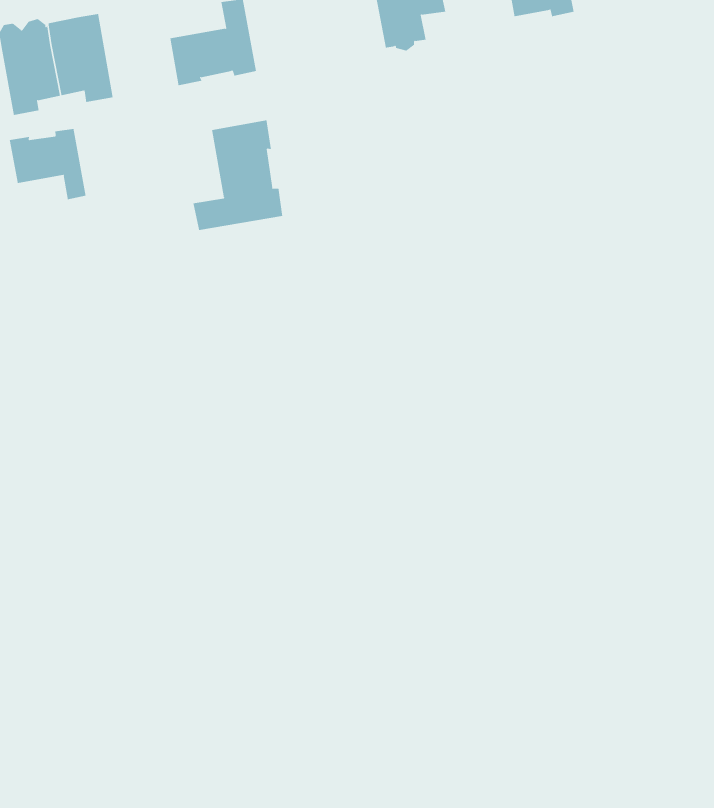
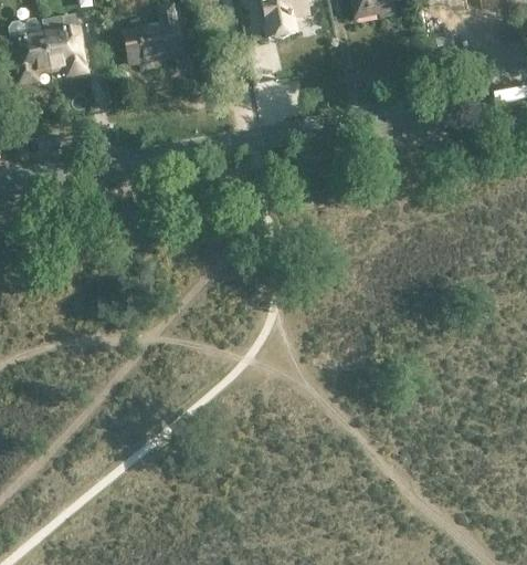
building: [193,119,283,231] -> none
building: [9,128,86,200] -> none

